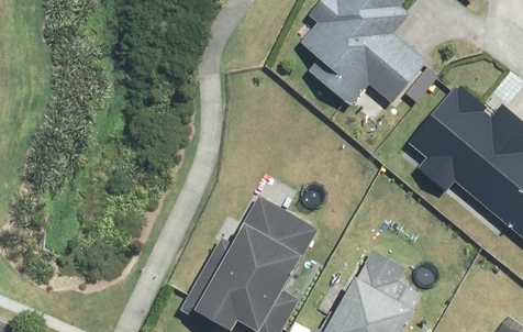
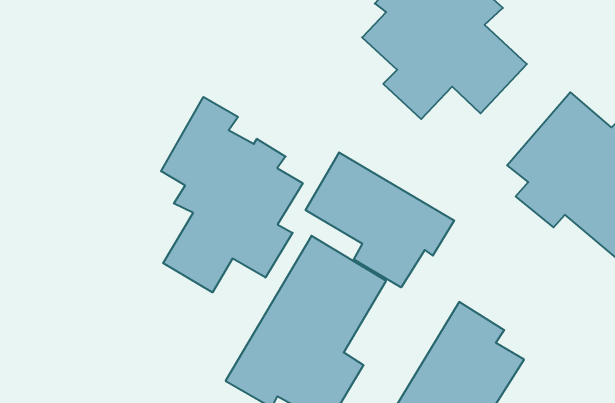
building: none -> [161,97,303,292]
building: none -> [306,152,454,287]

